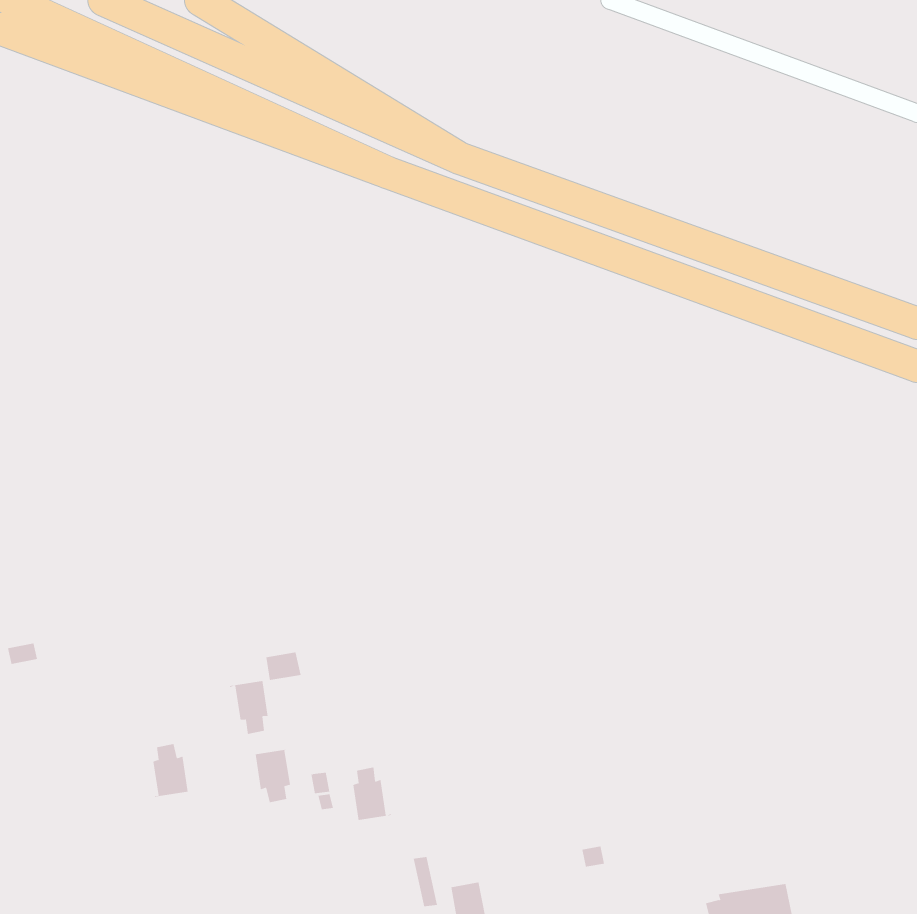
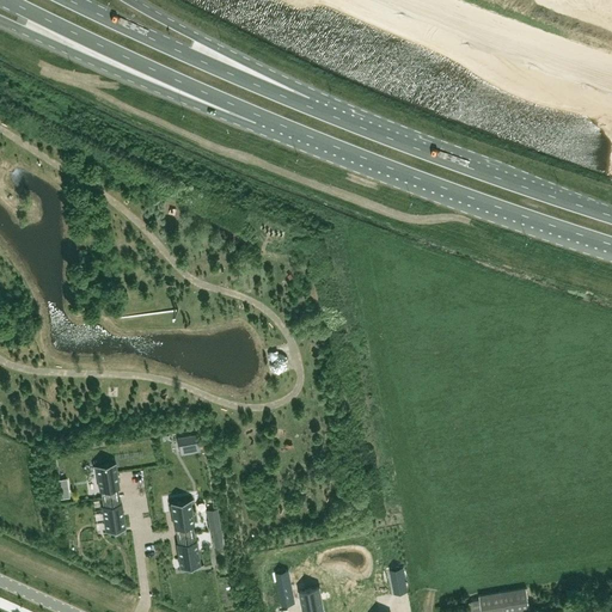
building: [229,681,269,734] -> [92,464,118,500]
building: [353,767,392,821] -> [177,534,203,570]

